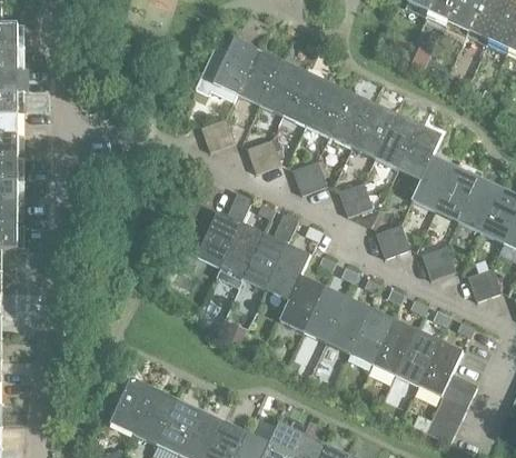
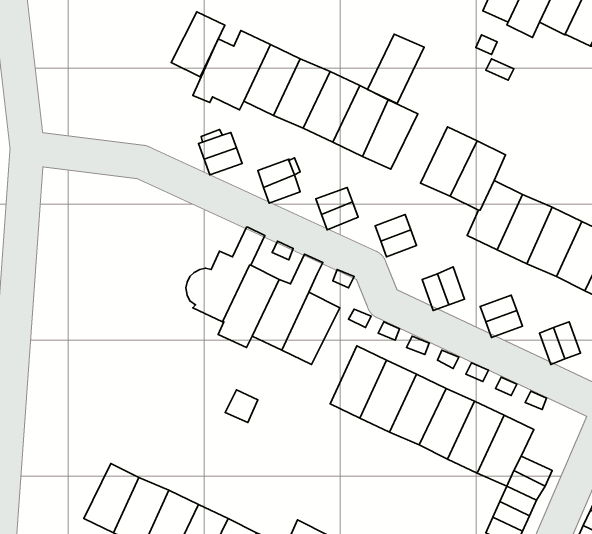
building: none -> [171,12,225,77]
building: [351,103,396,158] -> [367,34,424,104]
building: [279,276,325,331] -> none

